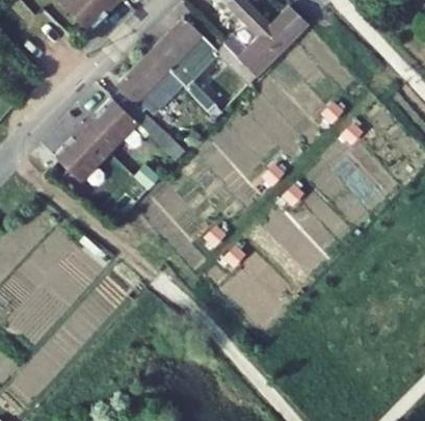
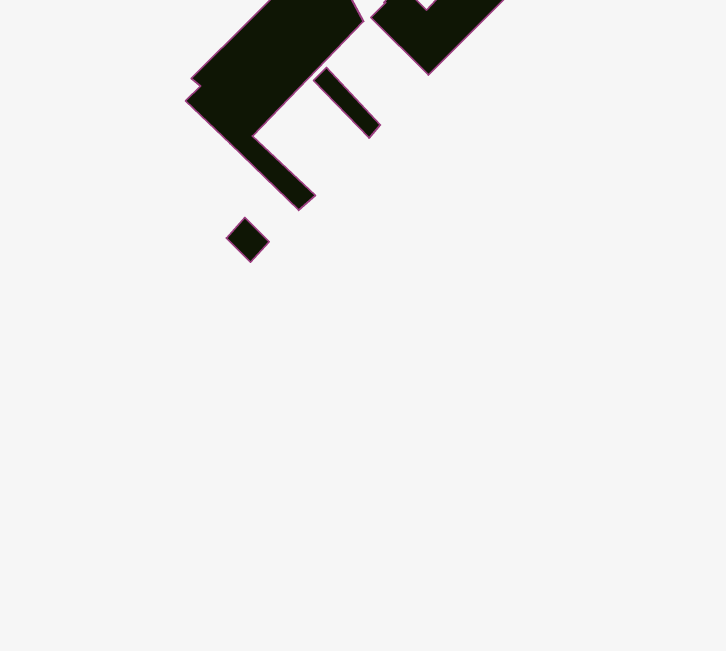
building: [54,96,138,180] -> none

